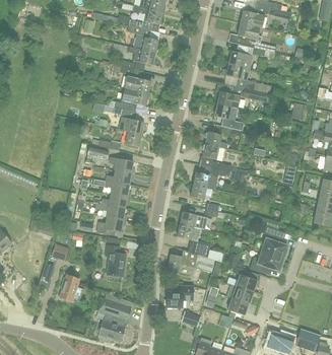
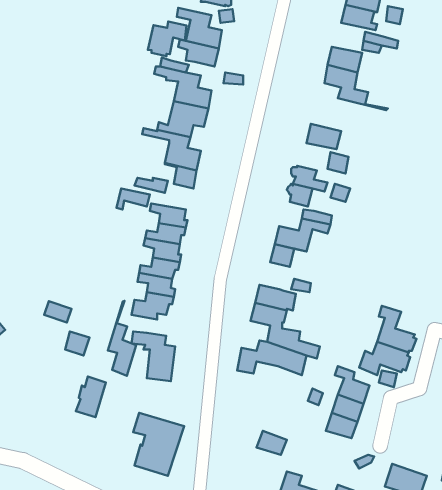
building: none -> [148,22,187,56]
building: [217,85,268,108] -> none
building: none -> [108,301,136,376]
building: [167,285,194,306] -> none

